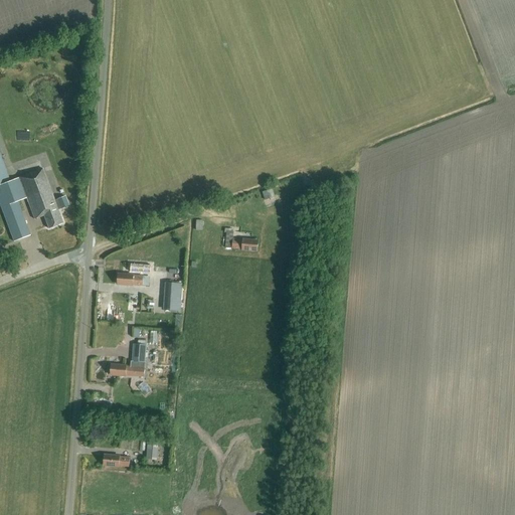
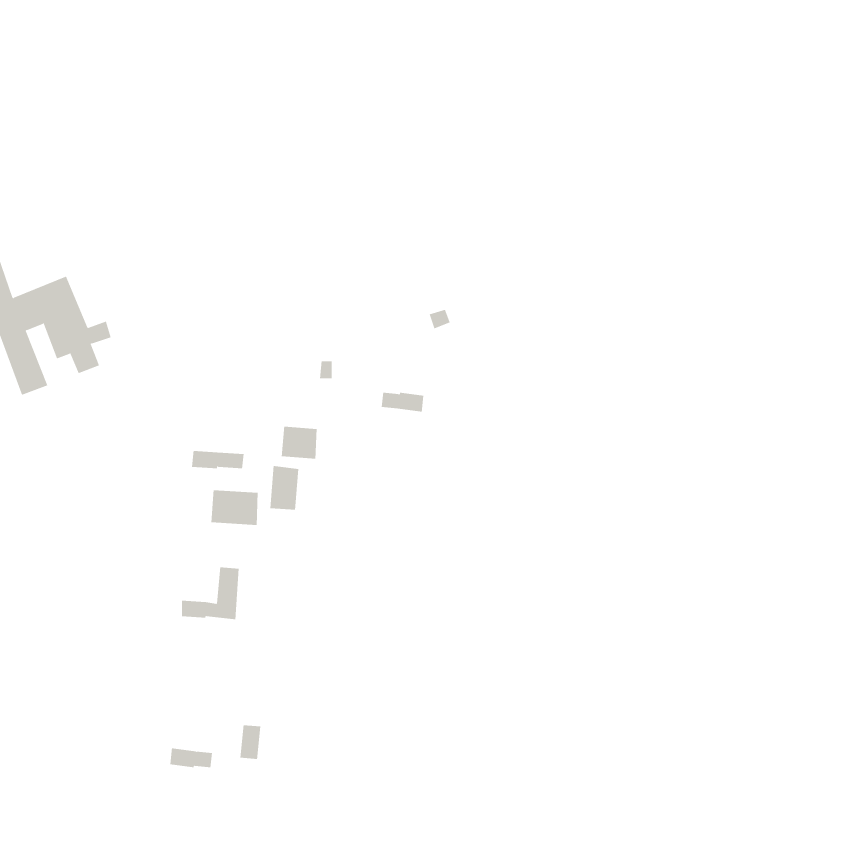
building: none -> [281,426,317,459]
building: none -> [211,489,258,526]

